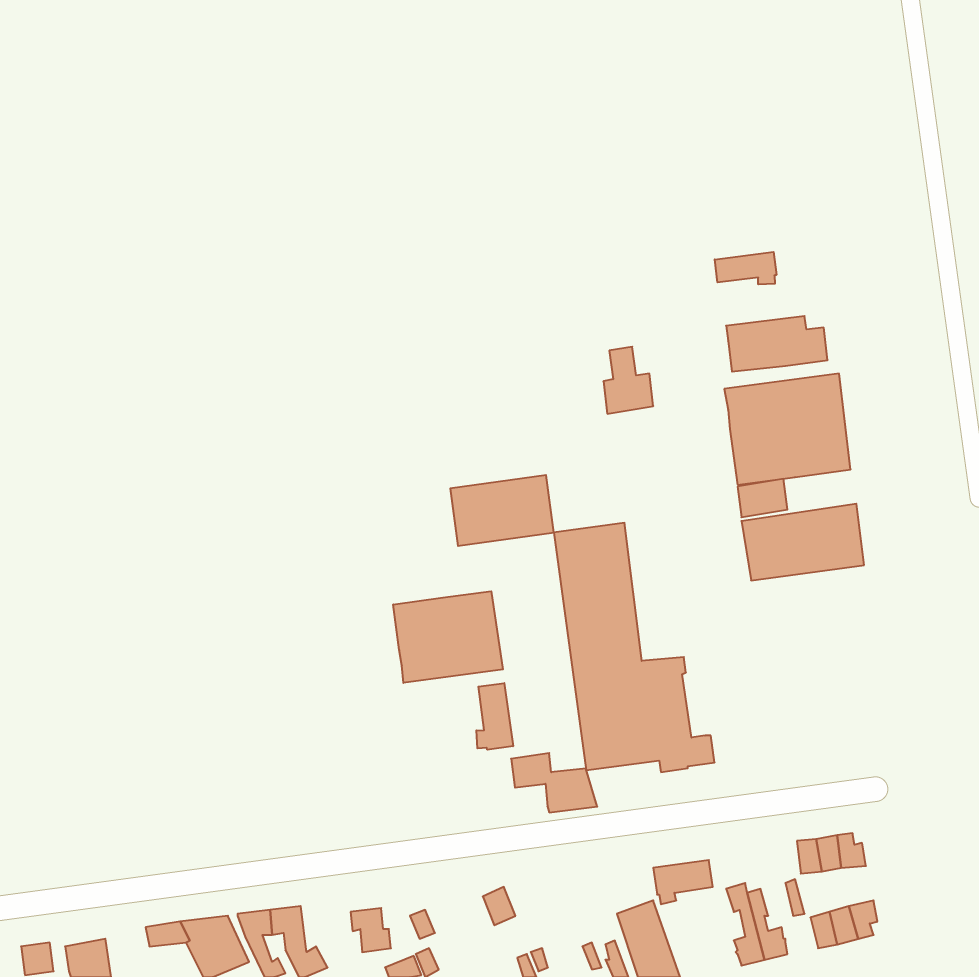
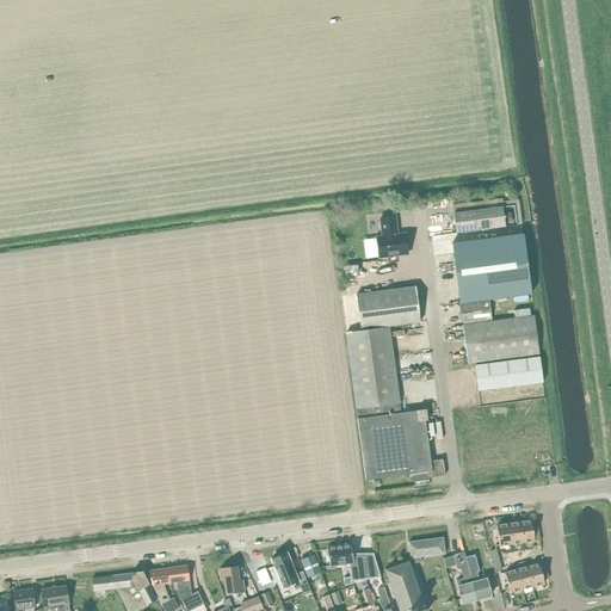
building: [715,252,776,284] -> none
building: [450,475,554,546] -> [356,285,420,329]
building: none -> [475,356,543,389]
building: [393,591,503,683] -> none
building: [476,683,513,750] -> none
building: [511,753,597,812] -> [327,543,381,580]
building: none -> [271,551,310,592]

